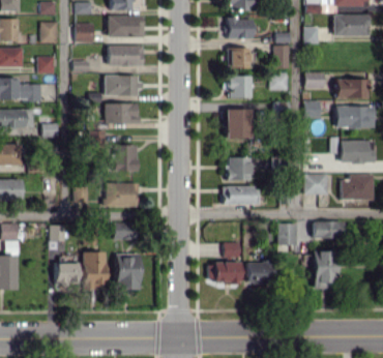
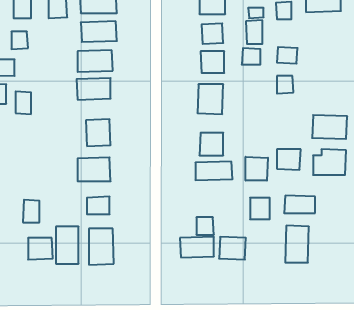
building: [335,79,369,98] -> none
building: [336,106,375,127] -> none
building: none -> [246,157,268,181]

